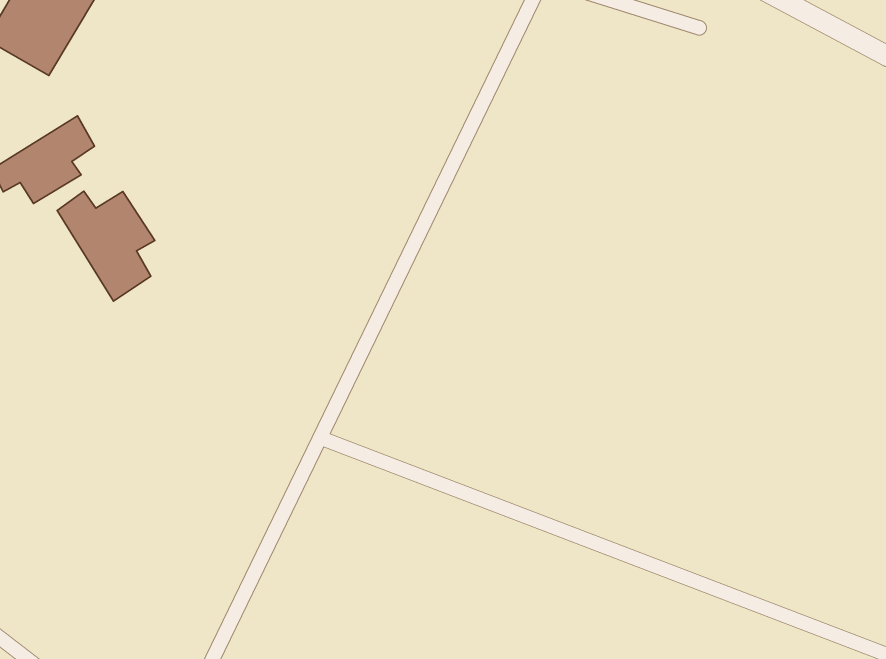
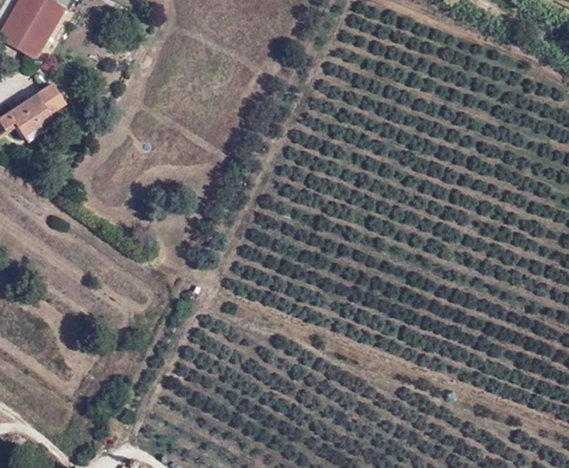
building: [57,191,155,301] -> none

